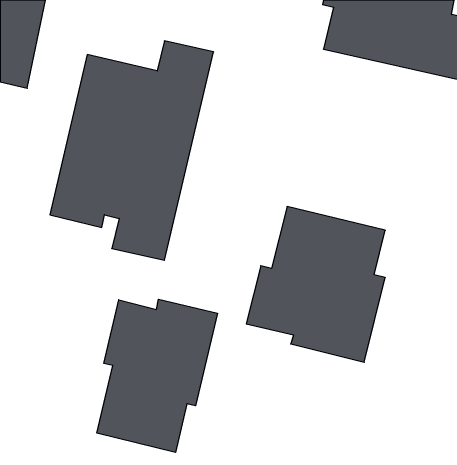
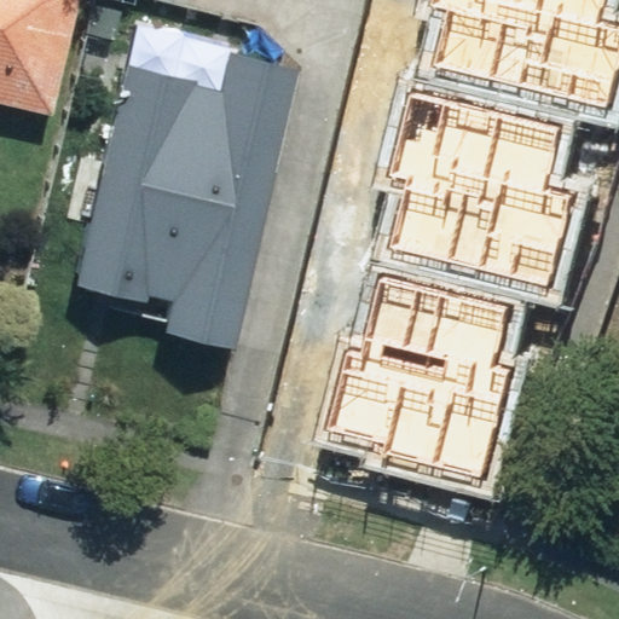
building: none -> [399,91,585,288]
building: [97,299,217,452] -> none

